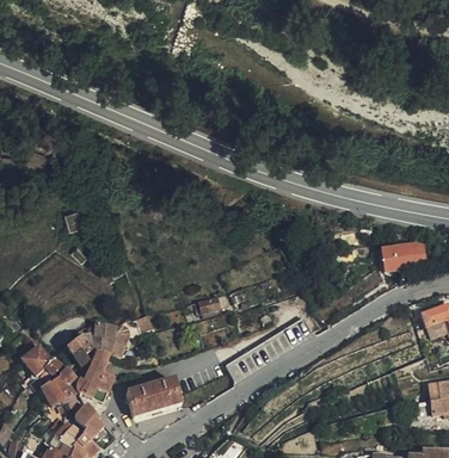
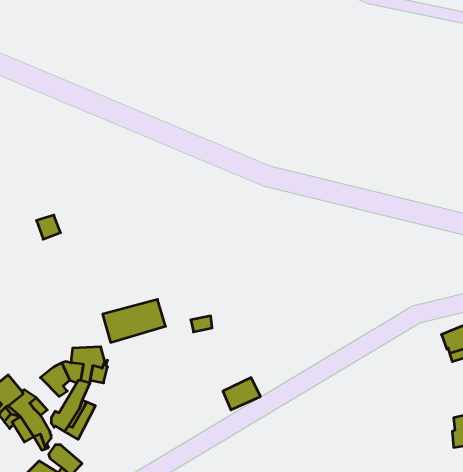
building: [380,240,425,265] -> none
building: [125,383,182,421] -> [103,299,166,342]

